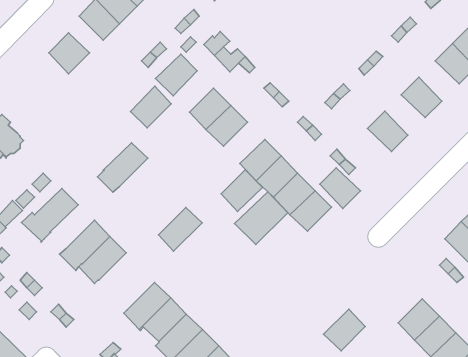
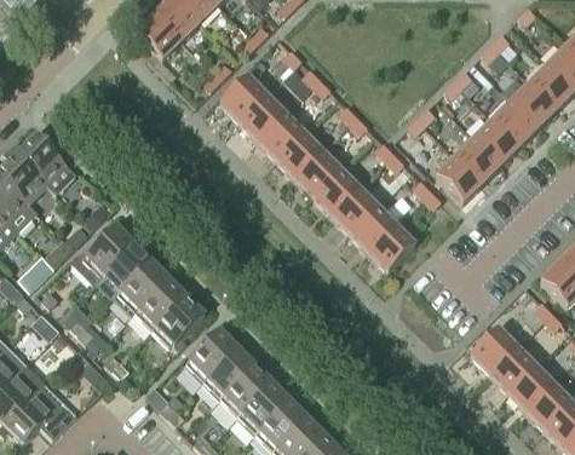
building: [49,33,90,74] -> none
building: none -> [512,83,557,128]
building: [131,86,171,128] -> [240,94,284,140]
building: none -> [475,121,519,166]
building: [98,143,148,192] -> [97,243,153,298]
building: [320,168,360,208] -> [437,159,482,203]
building: [221,170,263,211] -> [295,151,341,197]
building: [234,192,288,245] -> none
building: [158,208,202,251] -> [157,296,206,345]
building: [324,309,365,351] -> [470,328,516,374]

